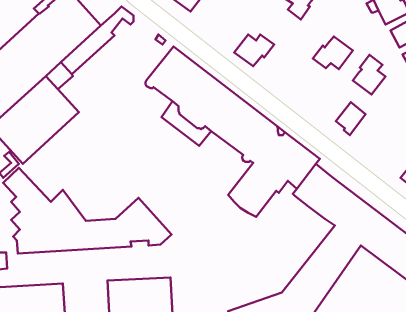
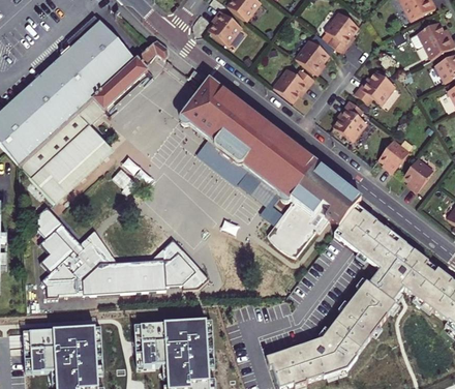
building: none -> [295,39,329,74]
building: [353,55,386,95] -> [332,99,366,141]
building: none -> [401,157,433,191]

